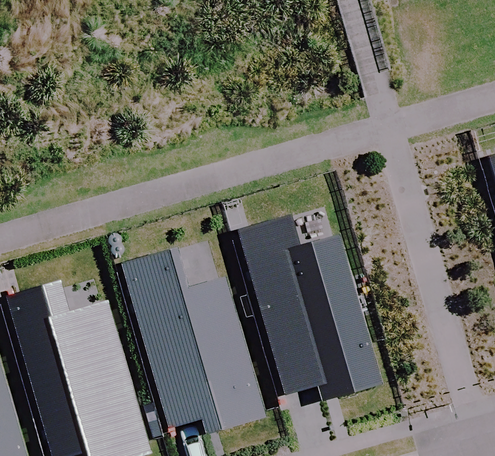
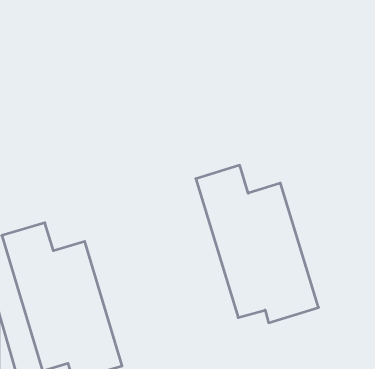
building: [123,247,266,433] -> none

